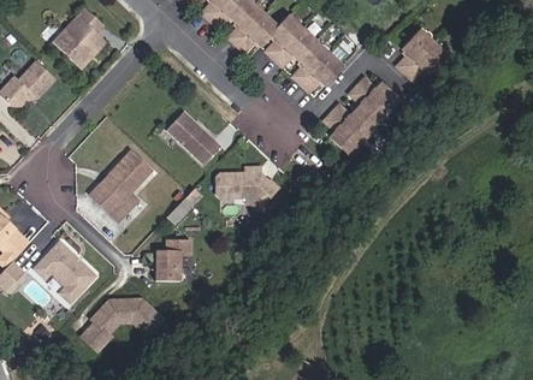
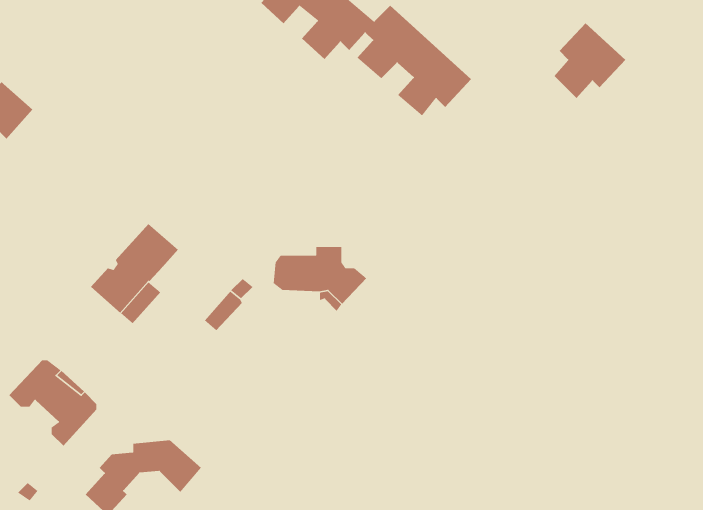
building: [51,7,103,66] -> none
building: [331,66,407,144] -> none
building: [166,112,220,167] -> none
building: [156,239,191,280] -> none

